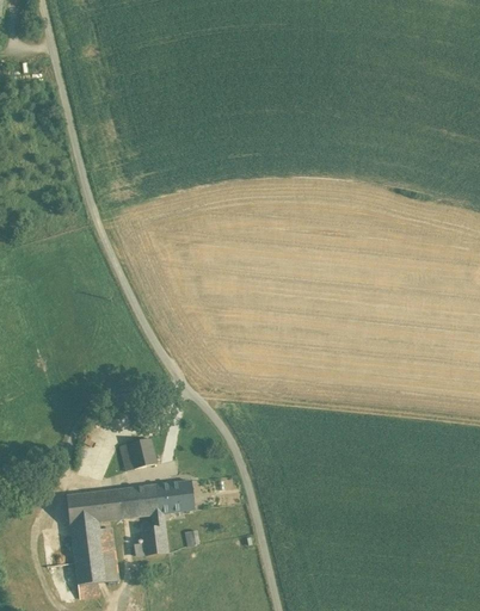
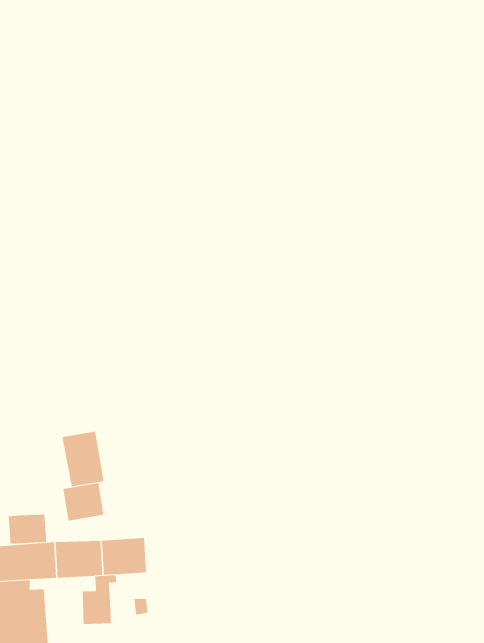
building: none -> [62,431,104,487]
building: none -> [8,514,47,544]

